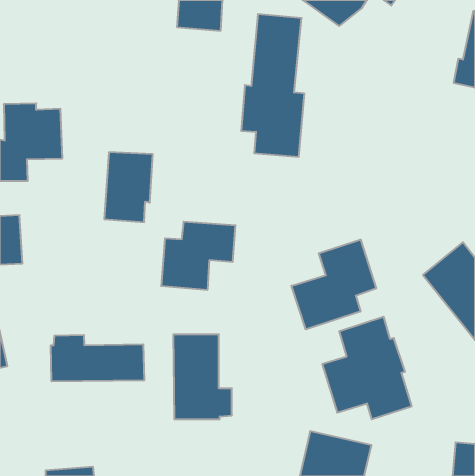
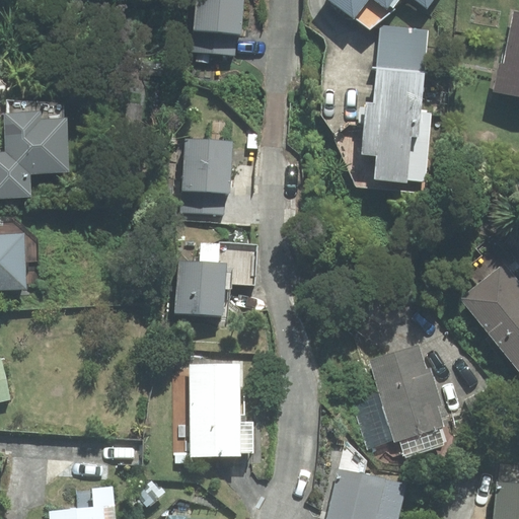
building: [241,14,304,157] -> [362,26,431,181]
building: [104,152,153,222] -> [179,139,232,215]
building: [291,240,376,329] -> none
building: [51,335,144,381] -> none

